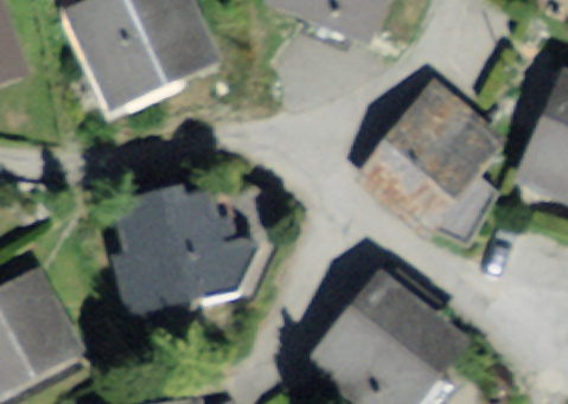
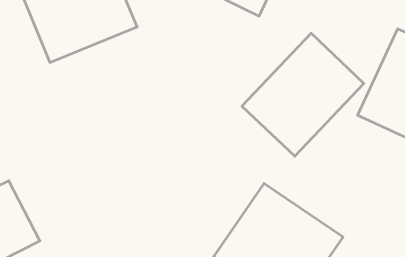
building: [120,198,240,301] -> none

